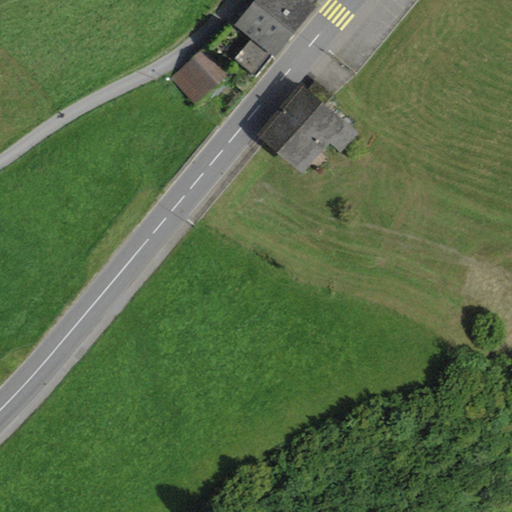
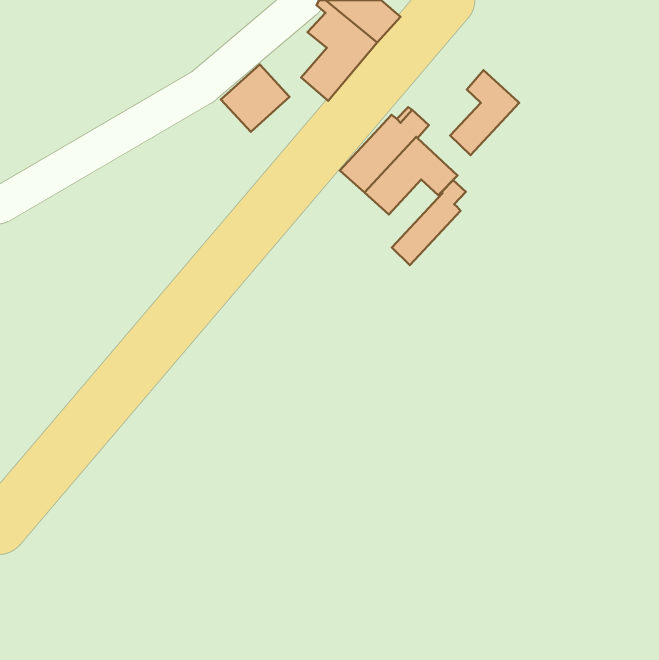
building: none -> [450,70,519,155]
building: none -> [392,180,466,265]

